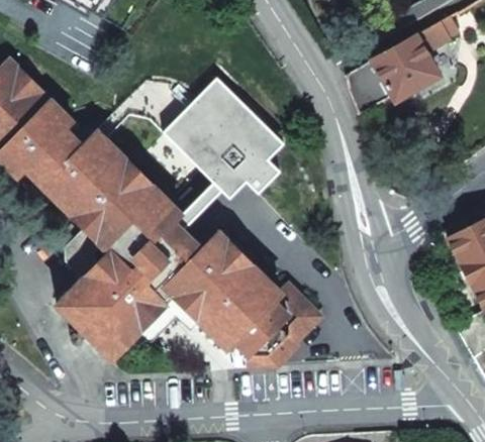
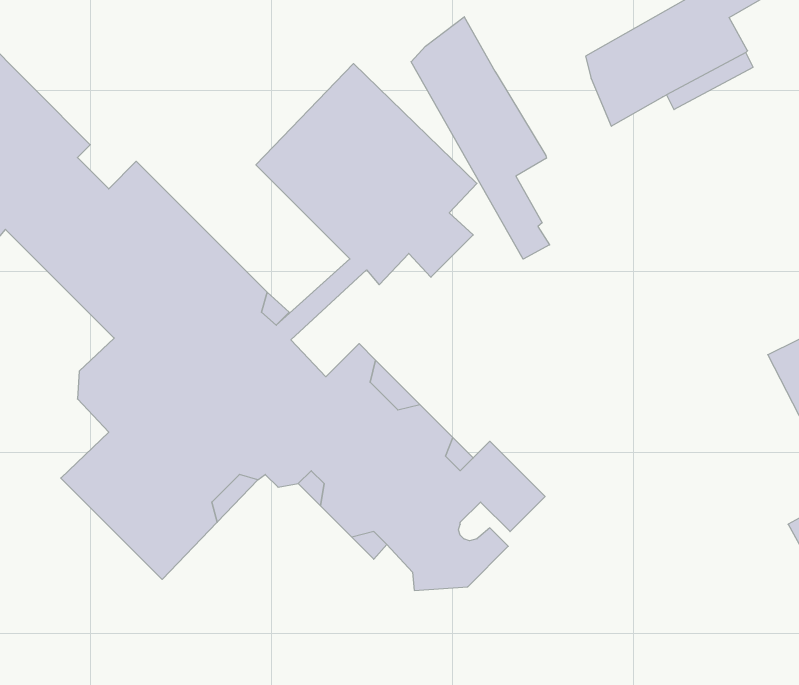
building: none -> [411,17,550,259]

